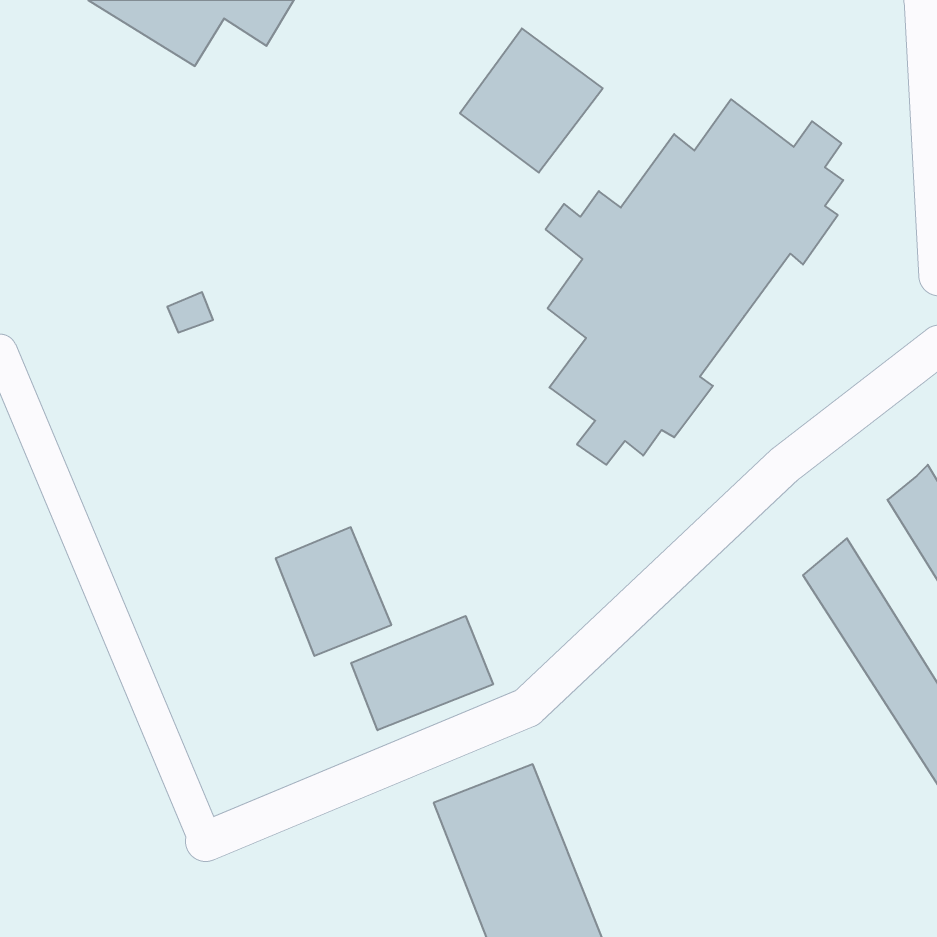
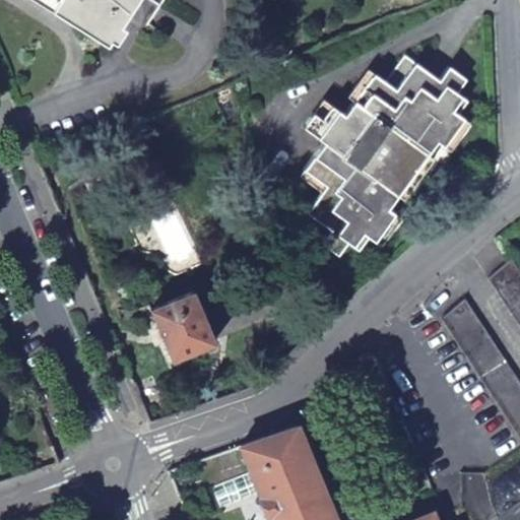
building: [460,28,603,173] -> none
building: [351,616,493,730] -> none

